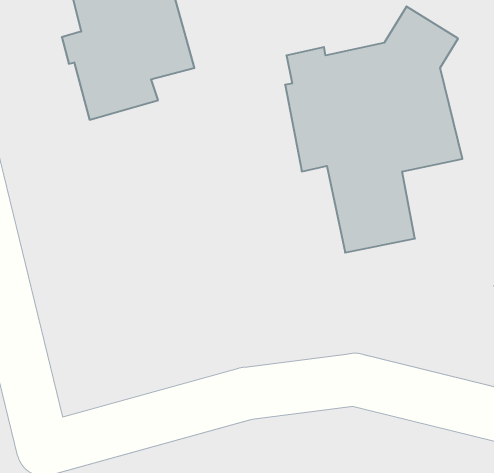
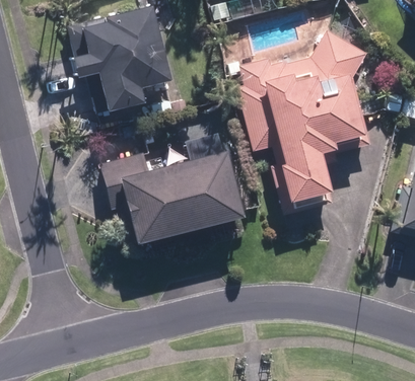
building: none -> [102,136,246,244]

